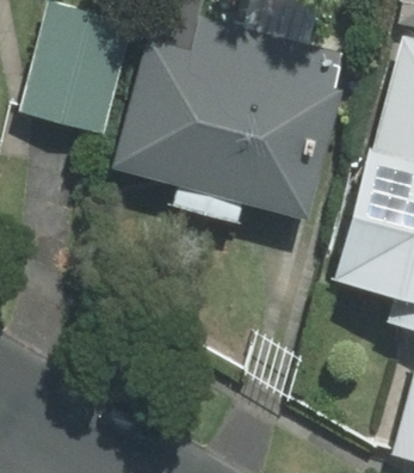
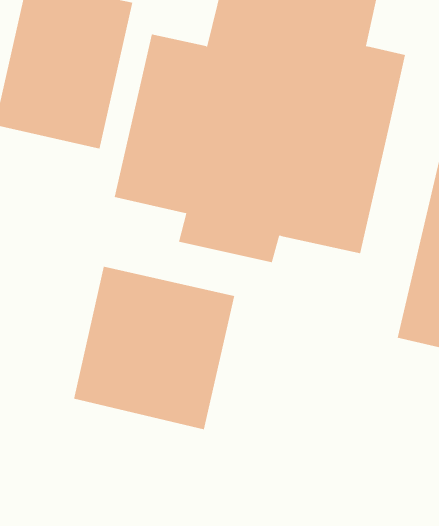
building: none -> [74,266,235,430]

